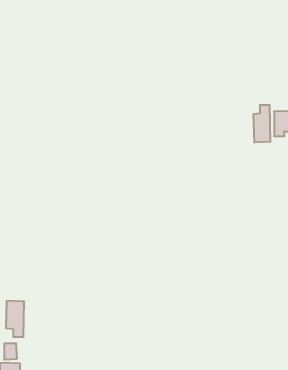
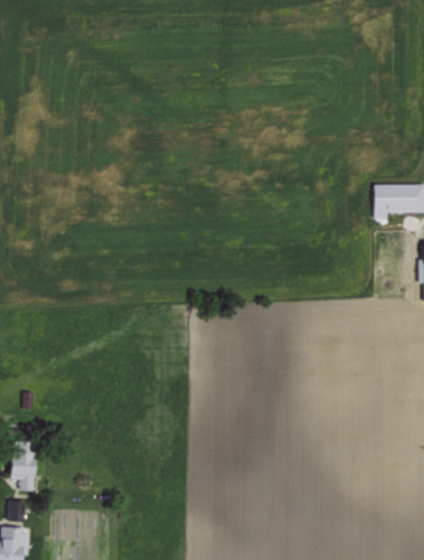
building: [254,105,270,143] -> none

